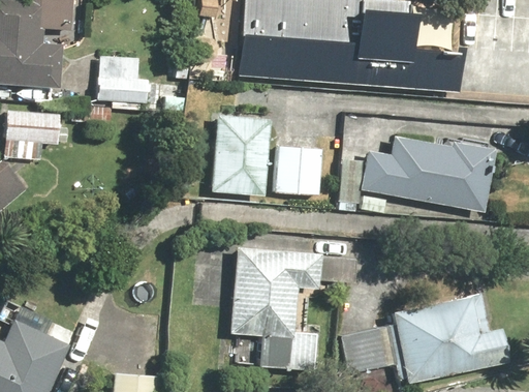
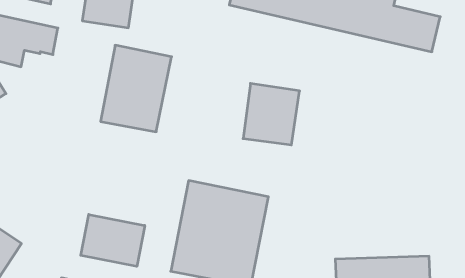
building: [209,120,272,203] -> [101,45,172,132]
building: [366,141,495,215] -> none
building: none -> [81,214,145,266]

